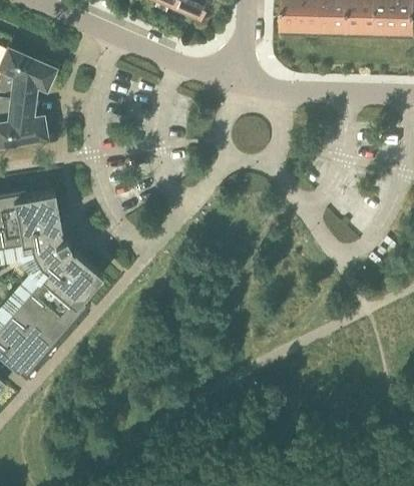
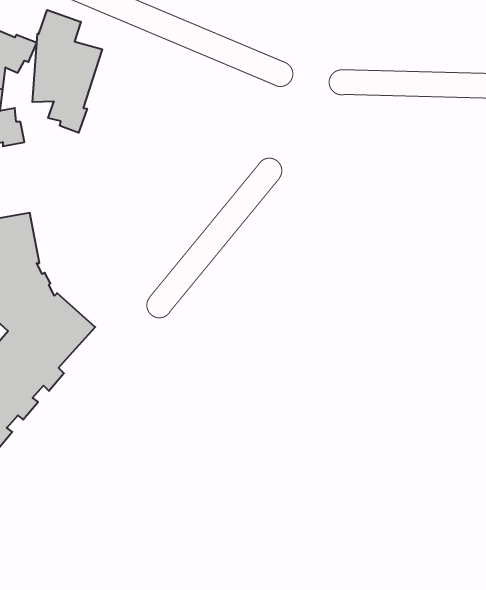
building: none -> [32,10,102,133]

